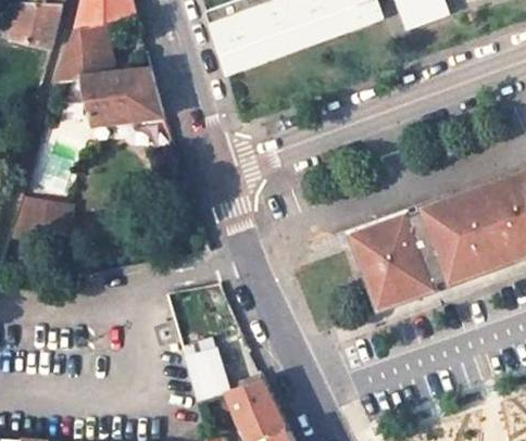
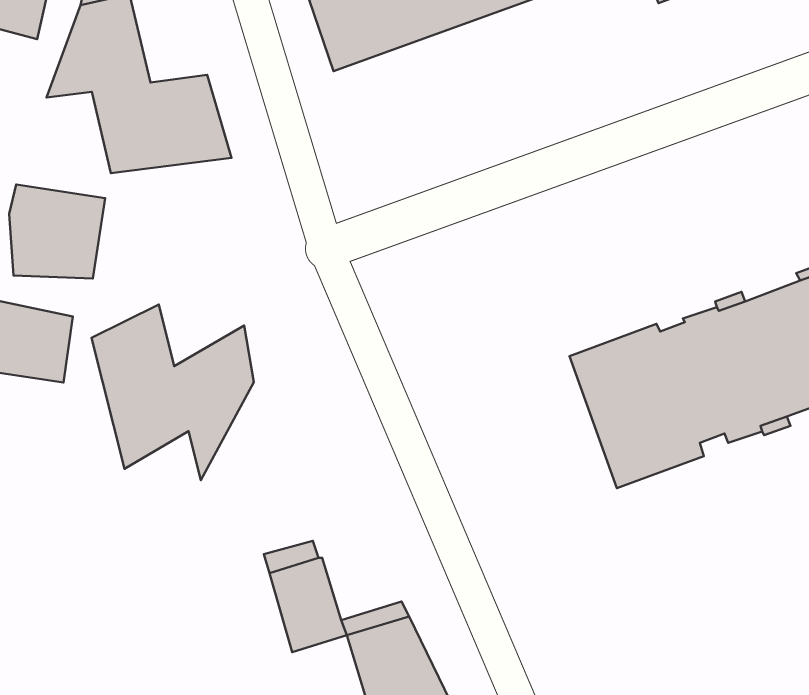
building: none -> [9,185,105,278]
building: none -> [91,305,254,480]

